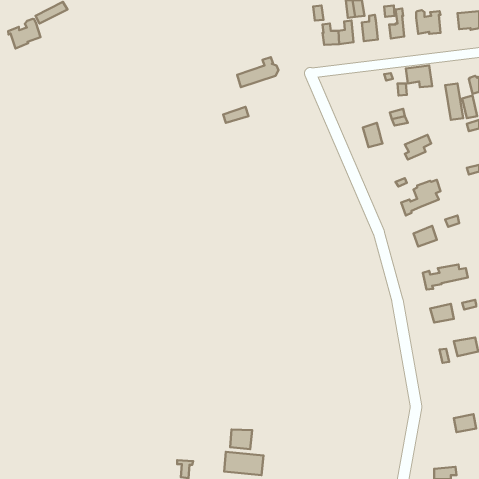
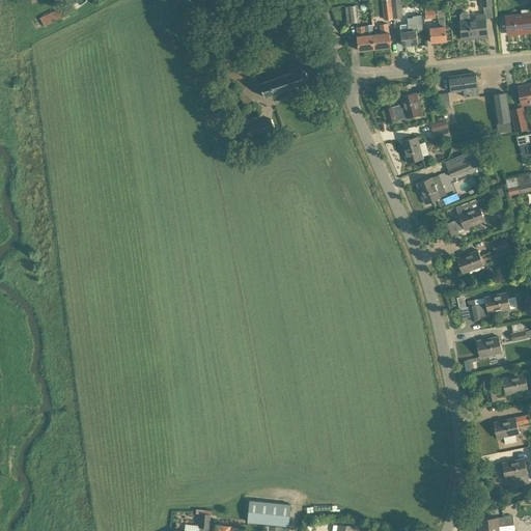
building: [8,19,40,49] -> none
building: none -> [386,91,422,122]
building: none -> [417,174,447,204]
building: none -> [494,417,519,444]
building: [230,429,252,449] -> none

